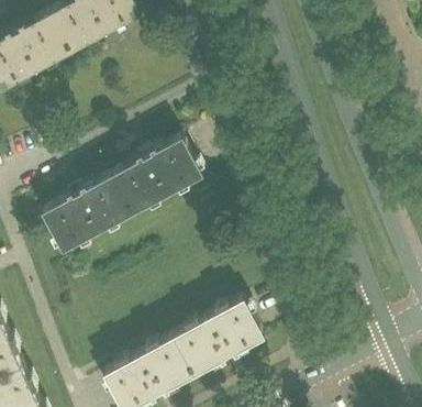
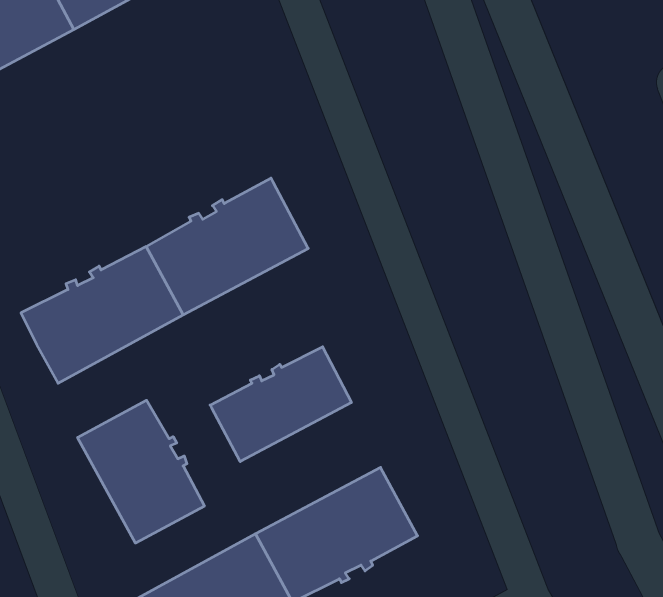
building: none -> [210,347,351,462]
building: none -> [78,400,204,543]

